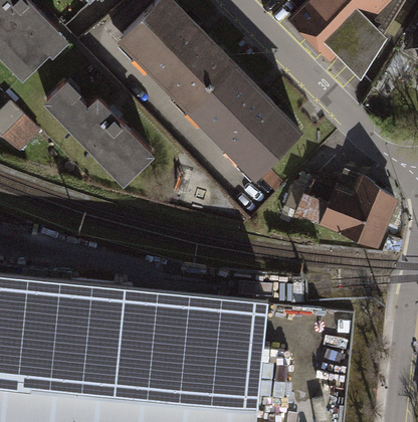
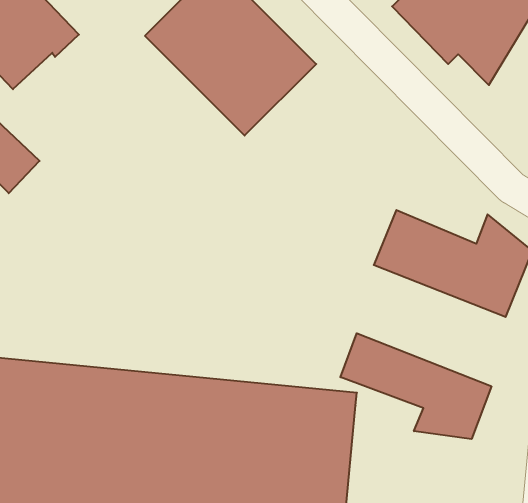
building: [187,64,309,187] -> none
building: [43,82,154,188] -> none
building: none -> [340,333,491,439]

